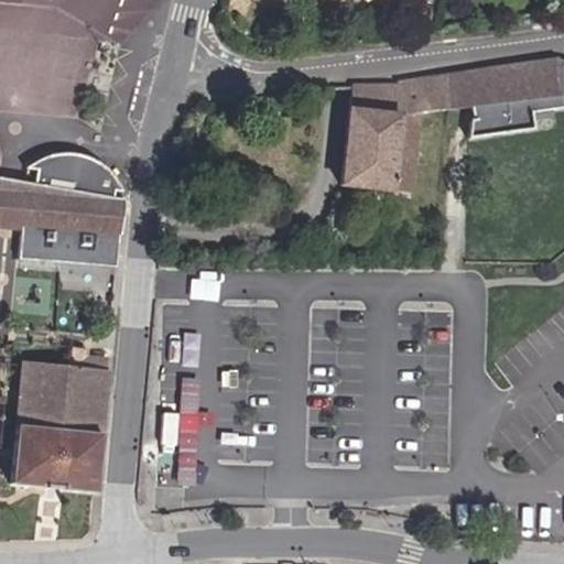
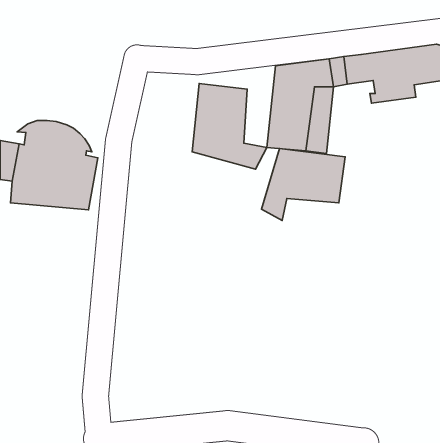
building: none -> [192,83,267,169]
building: none -> [262,149,345,220]
building: [11,349,108,492] -> none

